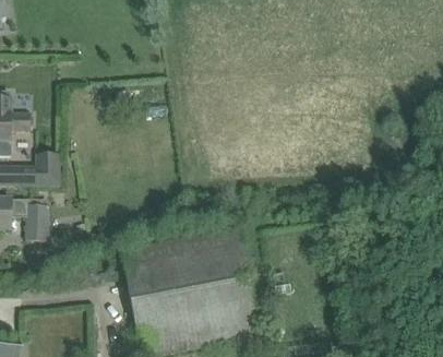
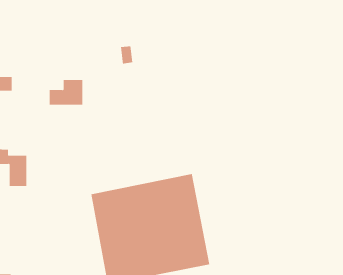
building: [19,153,59,183] -> [49,79,83,105]

